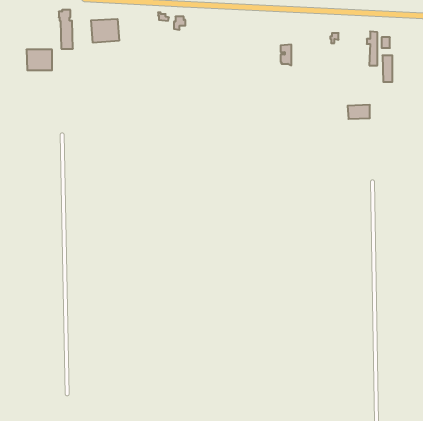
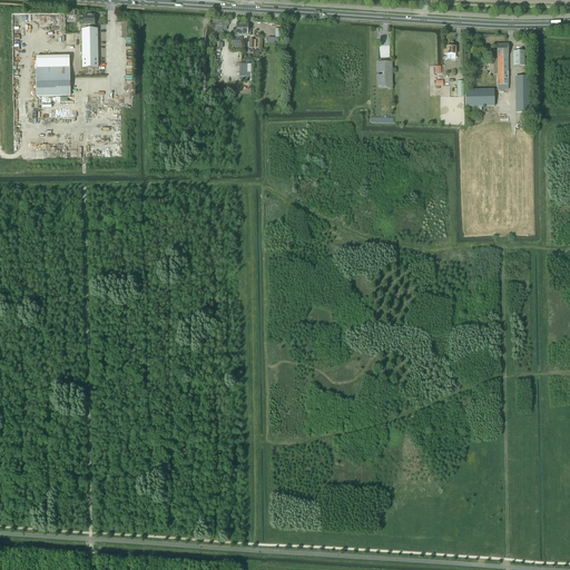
building: [91,19,119,43] -> none
building: [348,105,370,119] -> [464,87,494,106]

